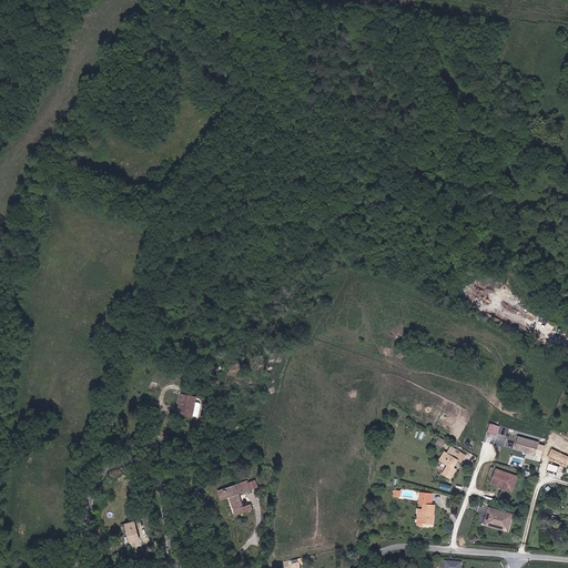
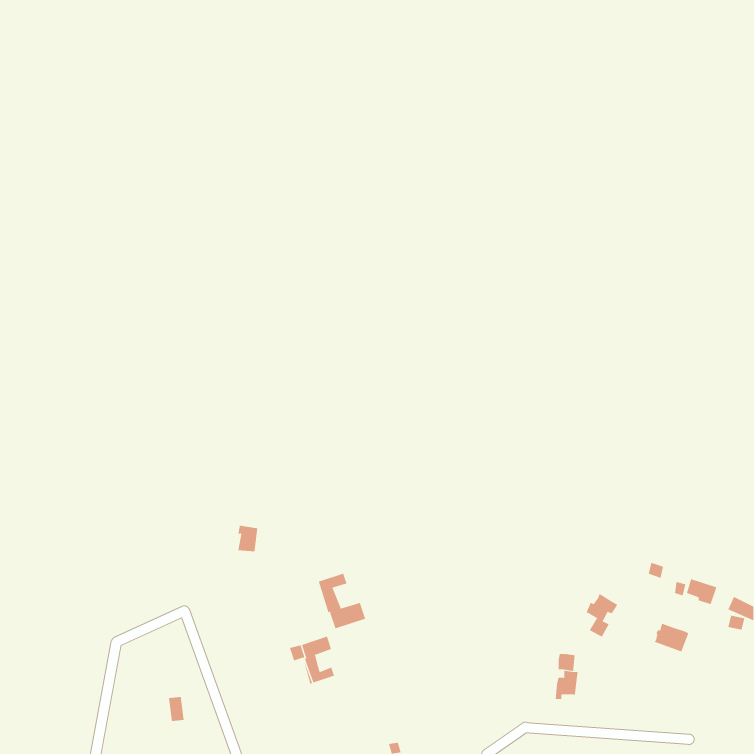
building: none -> [318,573,366,629]
building: [484,507,514,531] -> none

